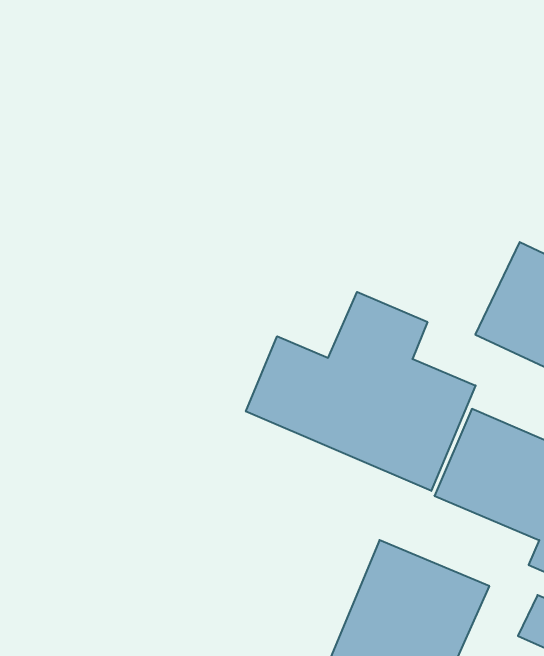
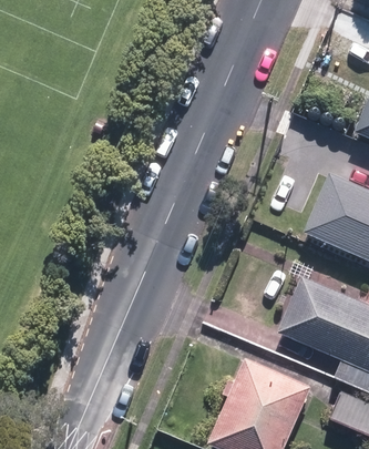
building: [246,292,476,491] -> none

